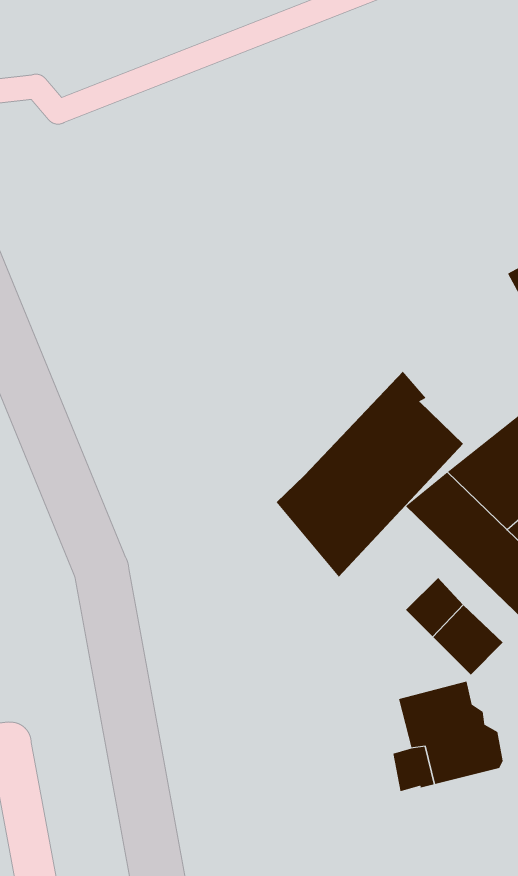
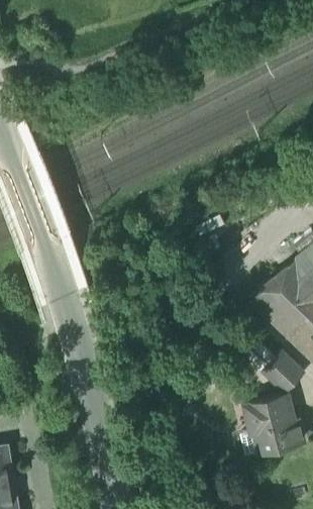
building: [276,371,464,577] -> none

